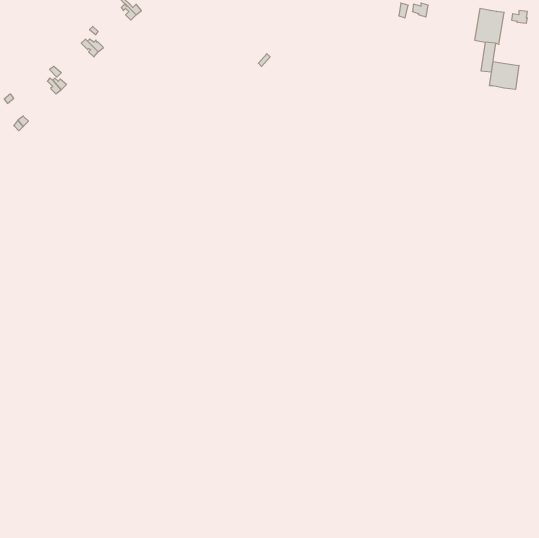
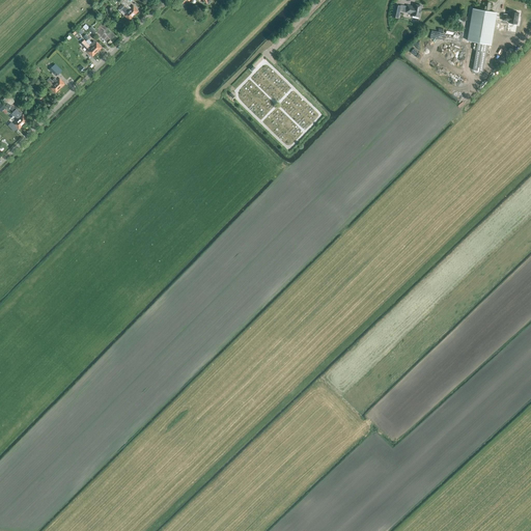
building: [489,62,519,89] -> none

